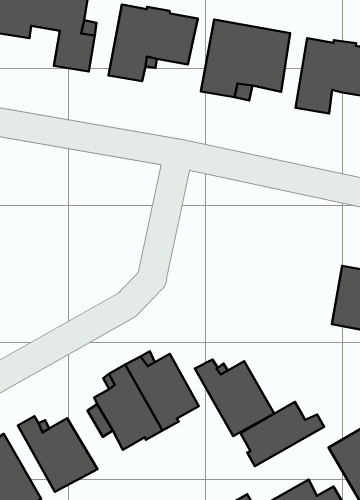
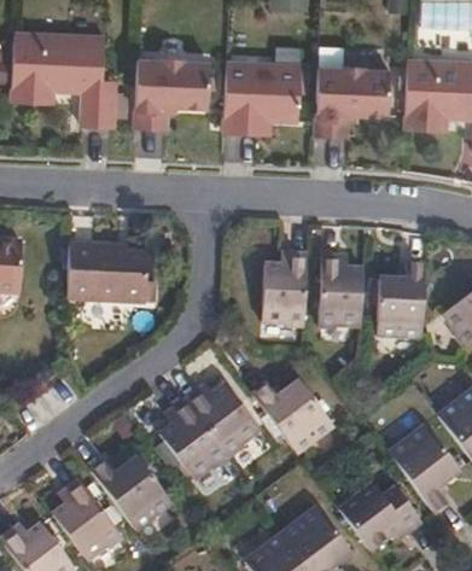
building: none -> [68,245,147,302]
building: none -> [262,252,307,325]
building: none -> [319,255,363,327]
building: [240,402,324,466] -> none

